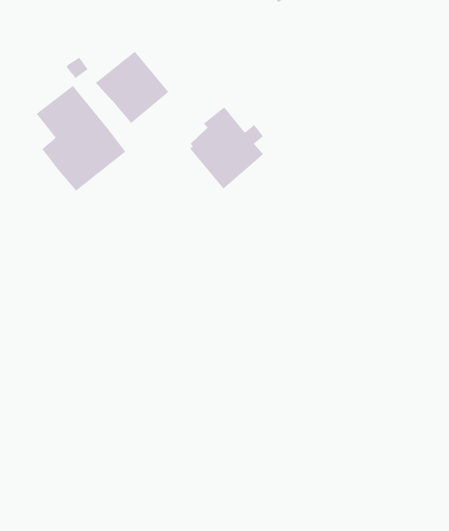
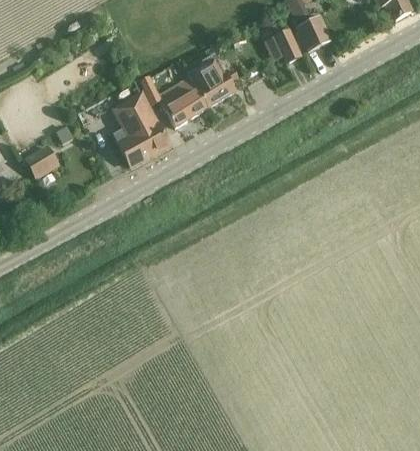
building: [189,107,264,190] -> [184,54,235,109]

